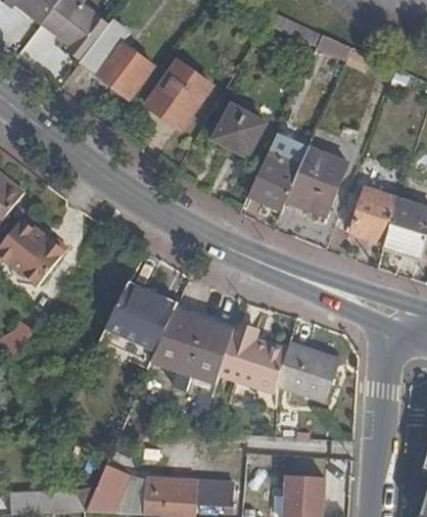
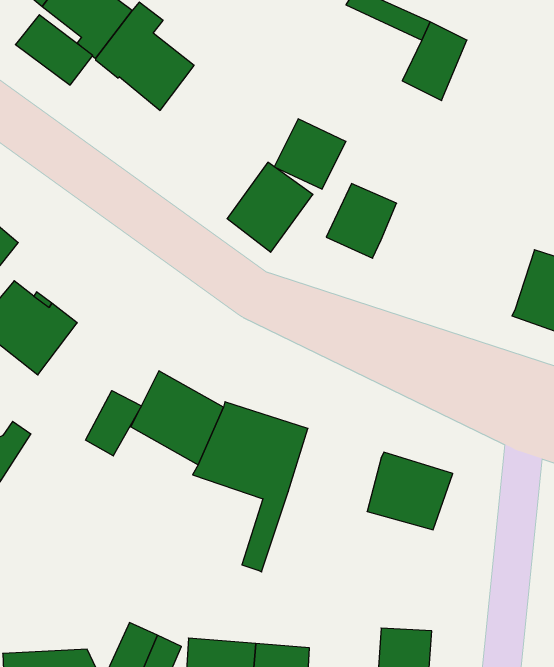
building: [147,63,209,129] -> [227,162,313,252]
building: [287,142,345,208] -> none
building: [350,187,398,242] -> none
building: none -> [86,391,141,456]
building: [220,326,287,392] -> none

